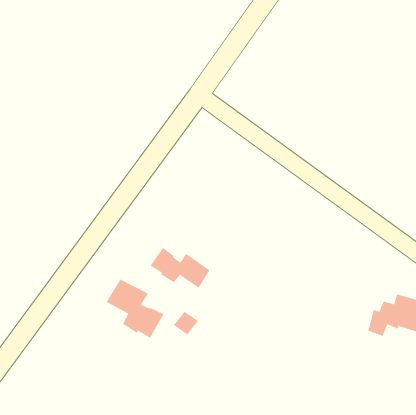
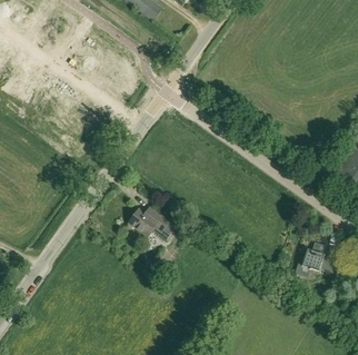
building: [106,278,165,339] -> none

